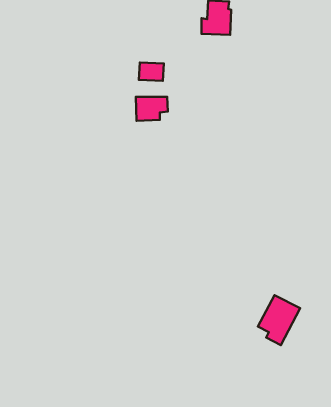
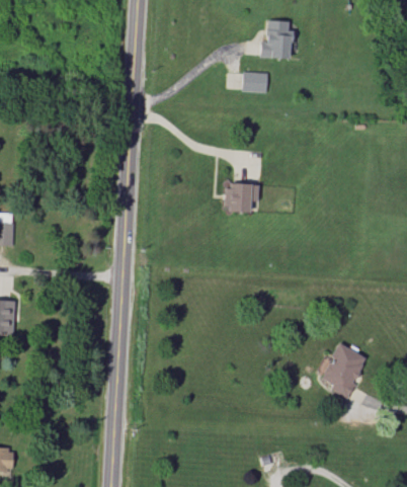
building: [139,62,164,81] -> [242,72,269,92]
building: [136,97,168,121] -> [225,184,260,211]

